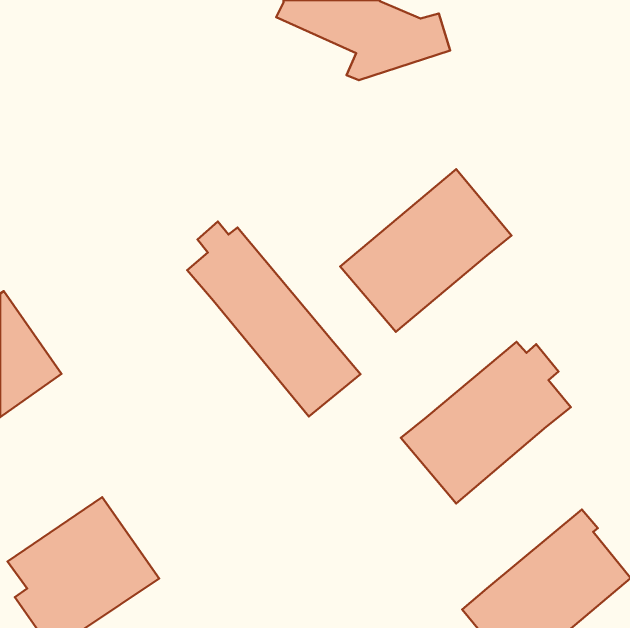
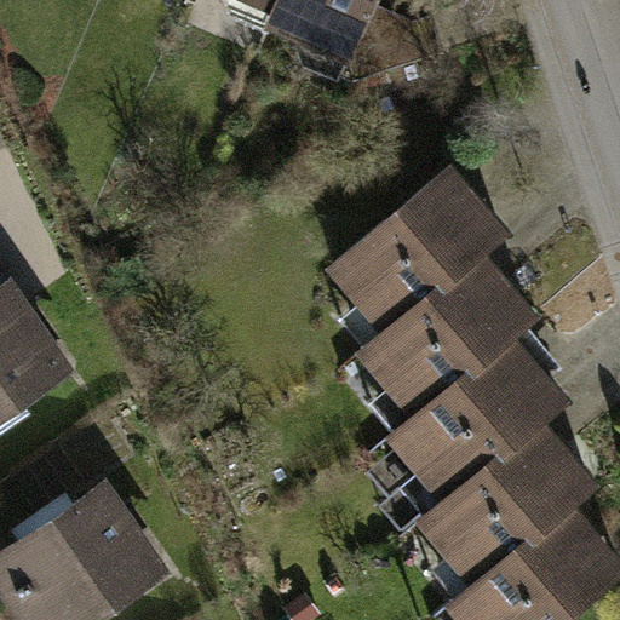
building: [187,222,361,416] -> none
building: none -> [364,253,532,412]
building: none -> [424,421,591,580]

